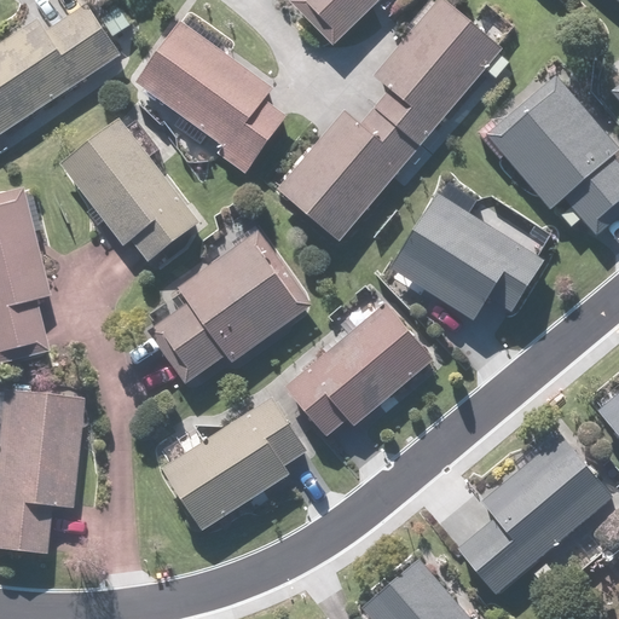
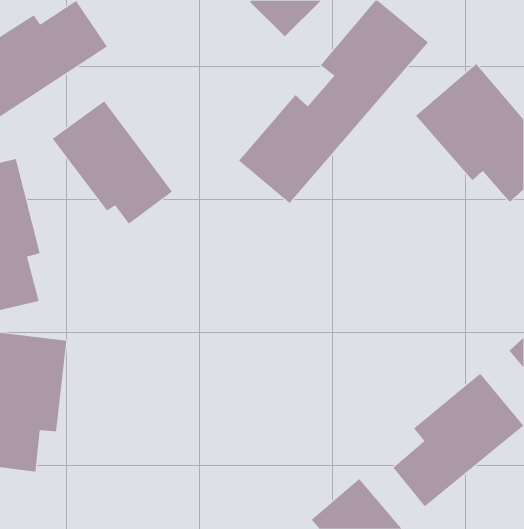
building: [137,19,289,174] -> none
building: [391,192,545,323] -> none
building: [147,228,314,386] -> none
building: [287,302,435,436] -> none
building: [161,394,308,532] -> none

